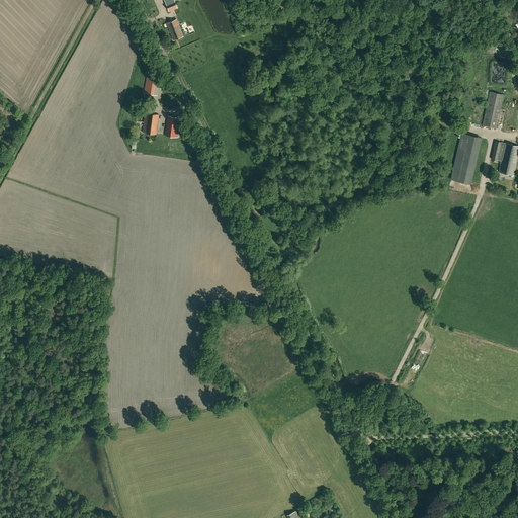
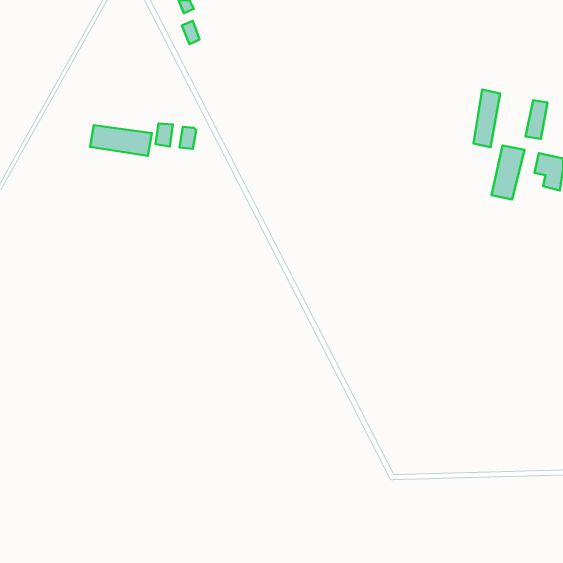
building: none -> [473,90,500,147]
building: none -> [90,125,152,156]

